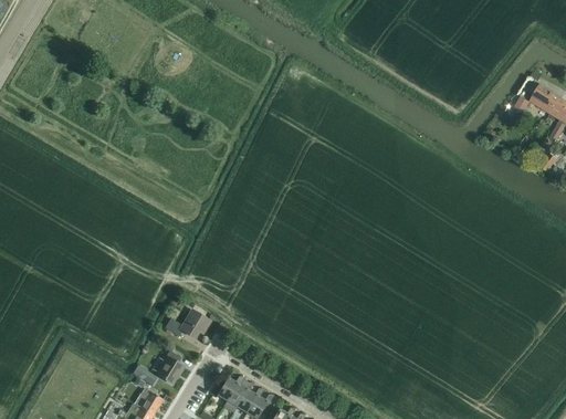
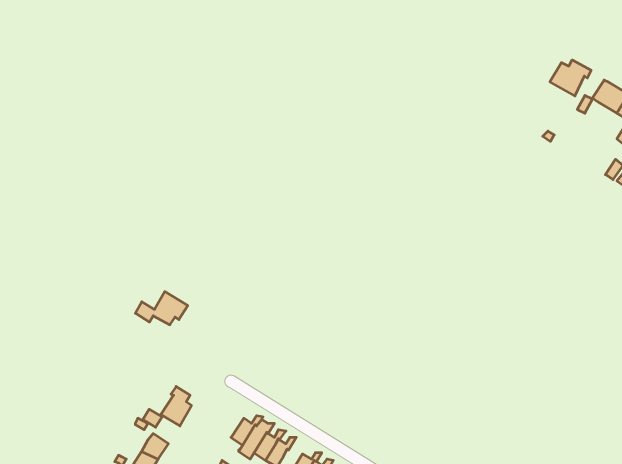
building: none -> [550,60,591,96]
building: [165,308,210,337] -> [135,292,188,325]

